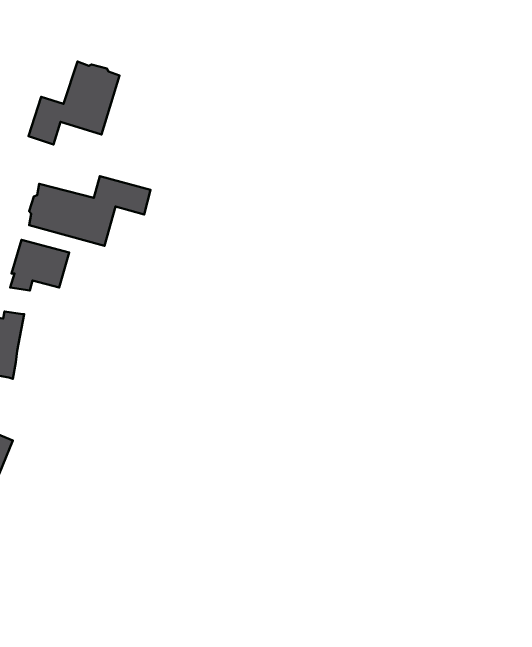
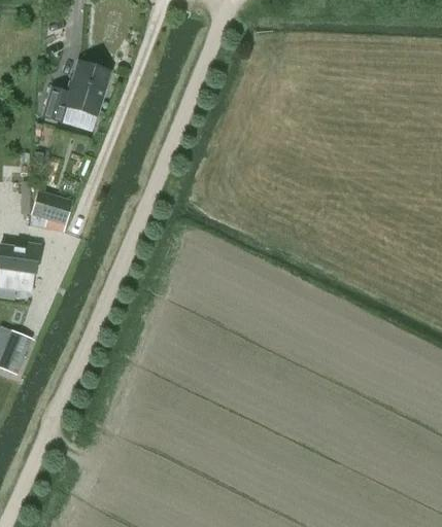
building: [29,176,150,246] -> none

